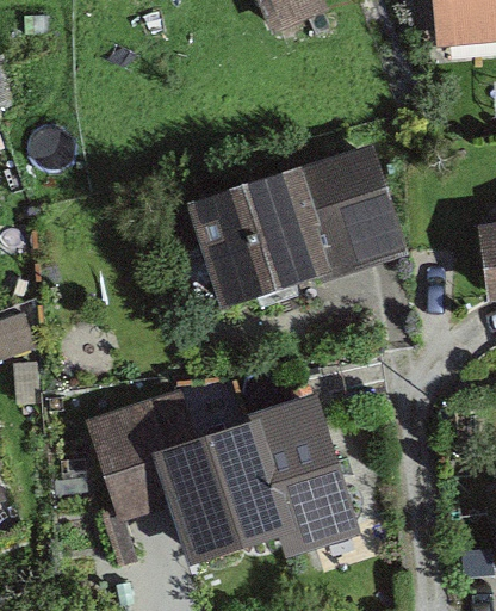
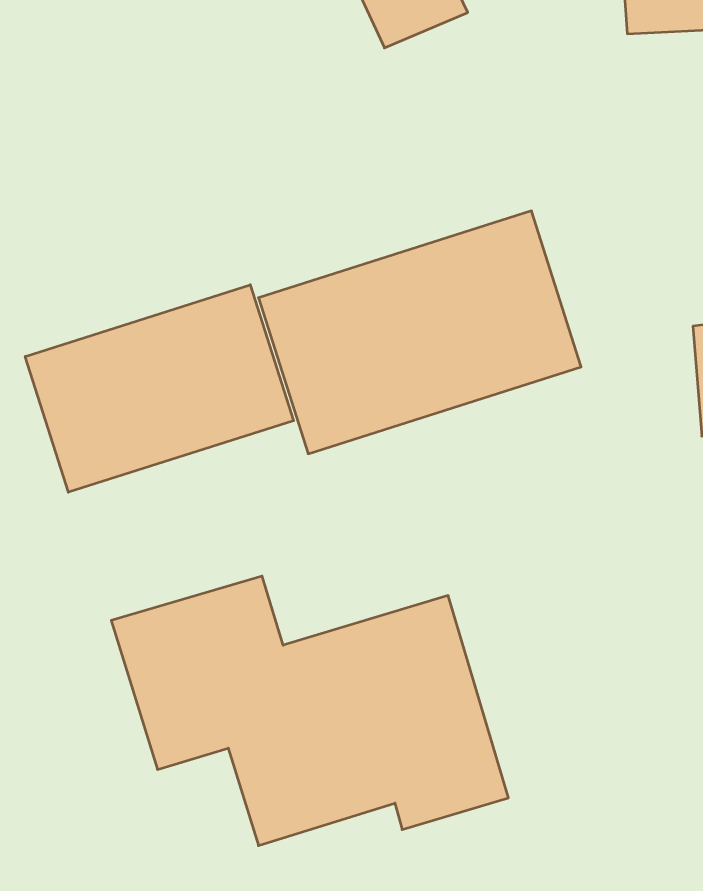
building: none -> [25,285,294,492]

